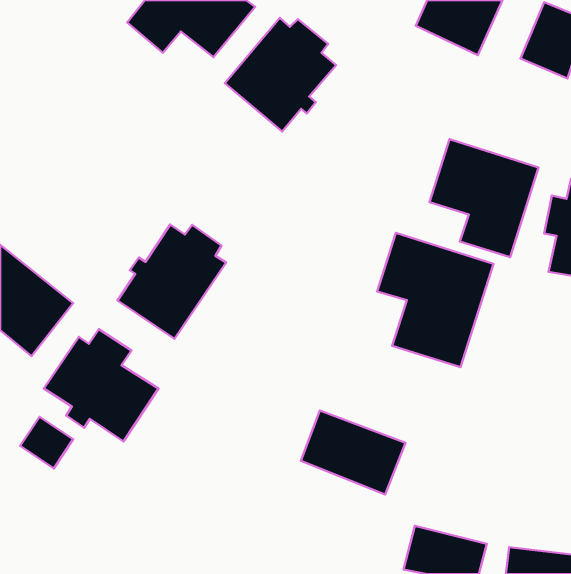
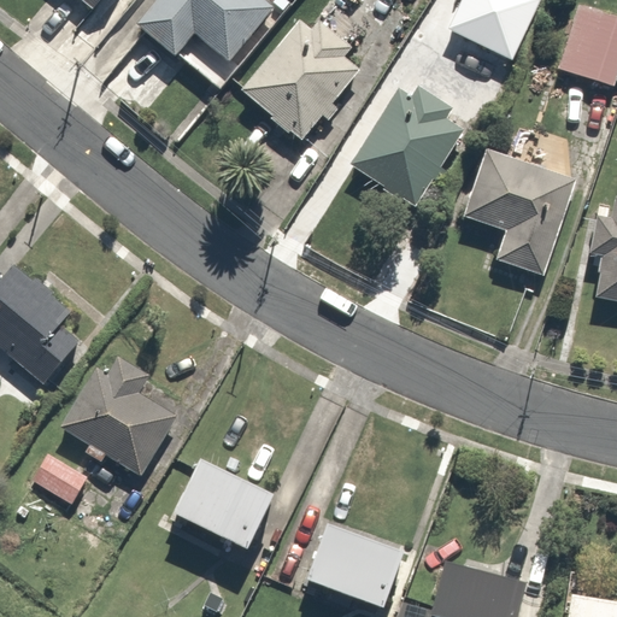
building: none -> [354,86,466,206]
building: [117,225,226,339] -> none
building: [377,233,493,367] -> none
building: [301,410,405,495] -> [288,518,400,609]
building: none -> [149,452,266,551]

